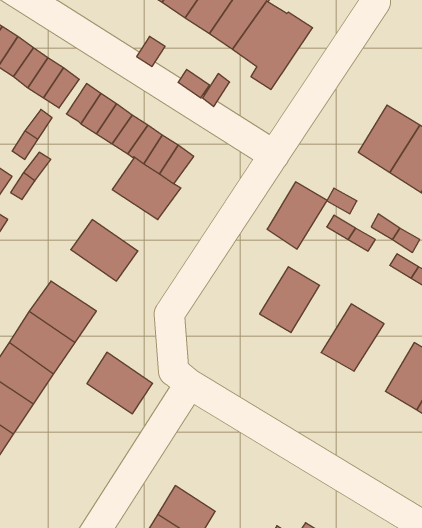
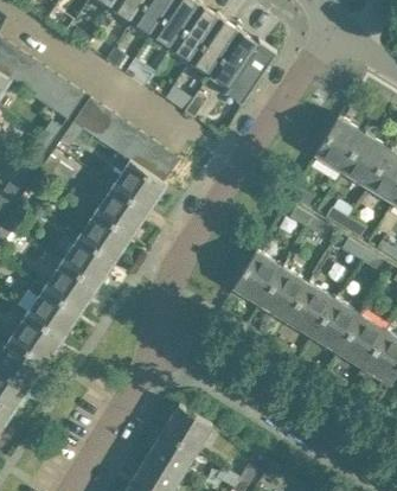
building: [267,182,327,249] -> [258,267,308,323]
building: none -> [94,187,148,238]
building: none -> [310,299,360,355]
building: [87,352,153,414] -> [59,237,114,288]
building: none -> [162,407,212,454]

